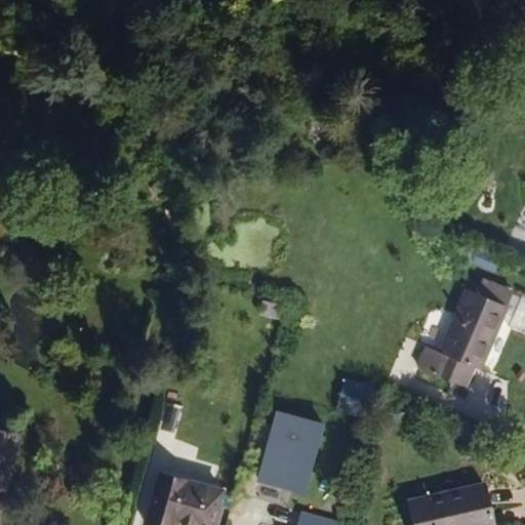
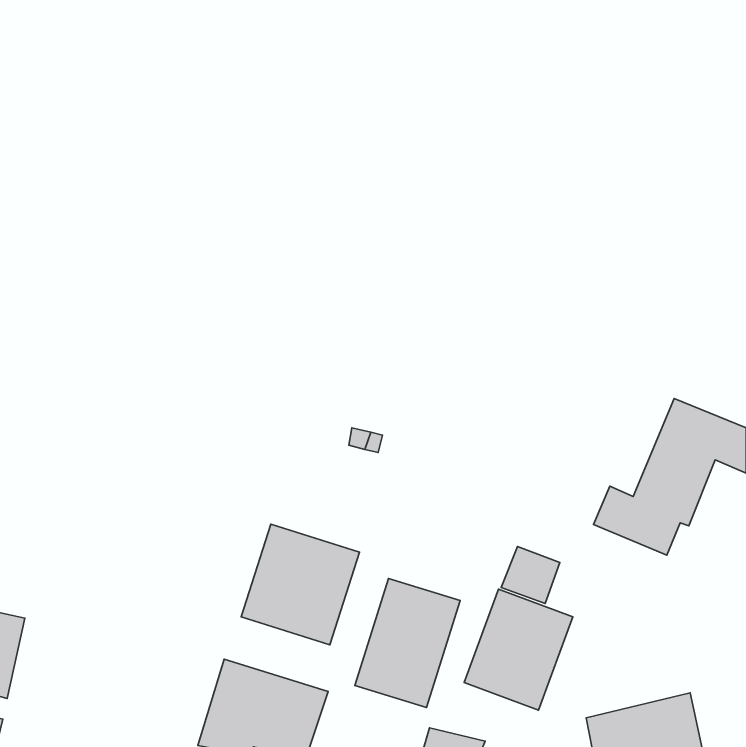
building: none -> [241,524,360,645]
building: none -> [464,589,573,710]

